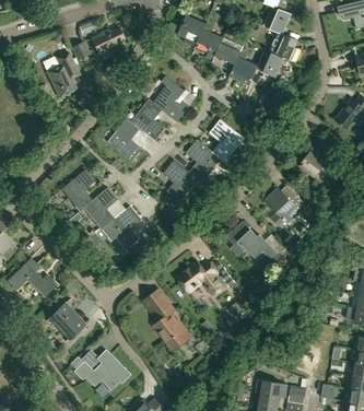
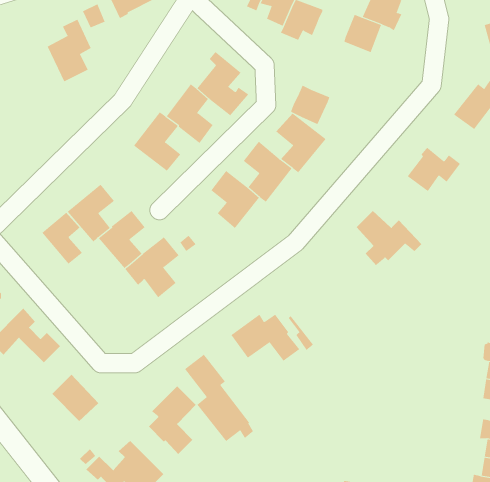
building: [230,57,258,85] -> [290,85,330,125]
building: none -> [42,212,82,264]
building: [227,222,281,263] -> none
building: none -> [148,385,197,455]

